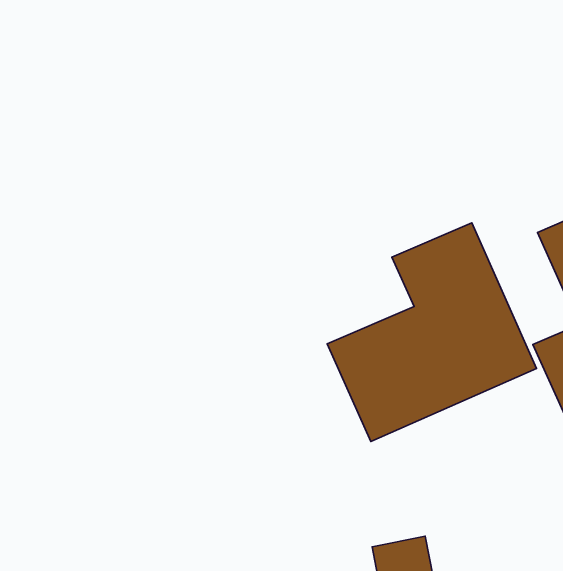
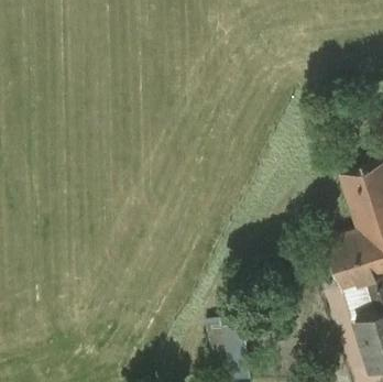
building: [327,223,537,442] -> none

